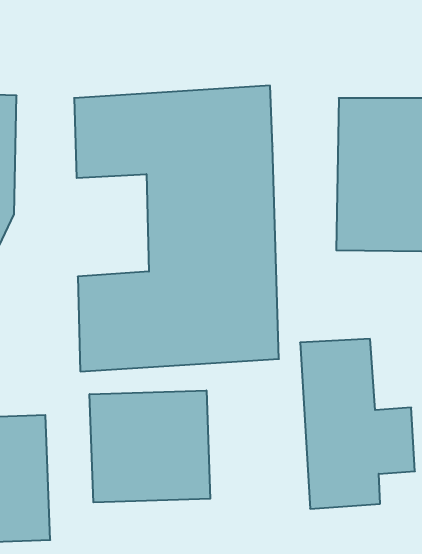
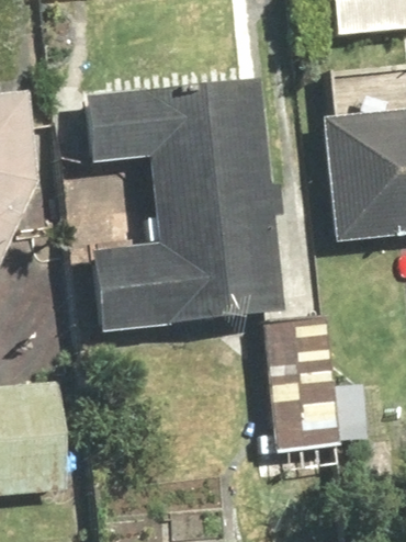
building: [90,390,210,502] -> none

